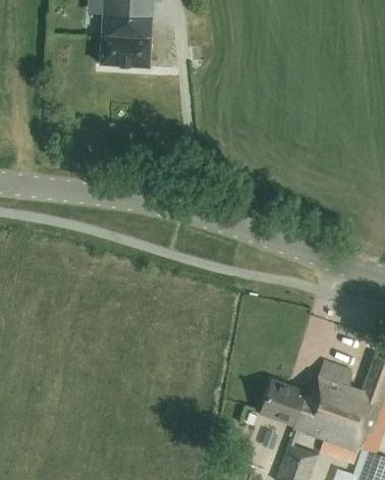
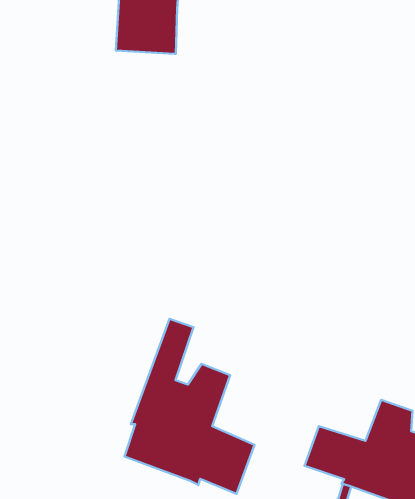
building: none -> [125,319,254,494]

